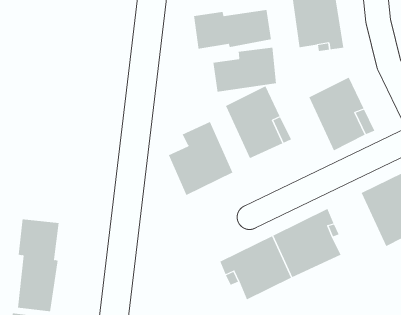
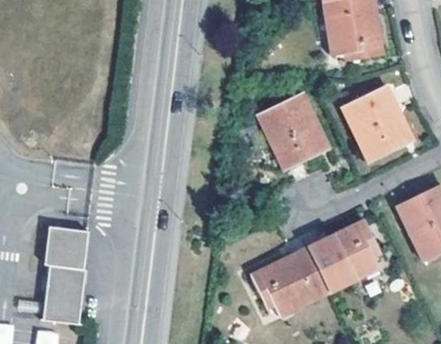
building: [193,9,272,50] -> none
building: [213,47,276,92] -> none
building: [168,121,233,196] -> none

